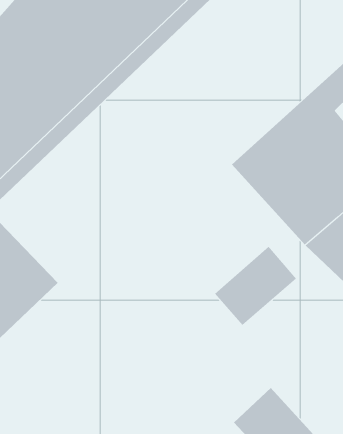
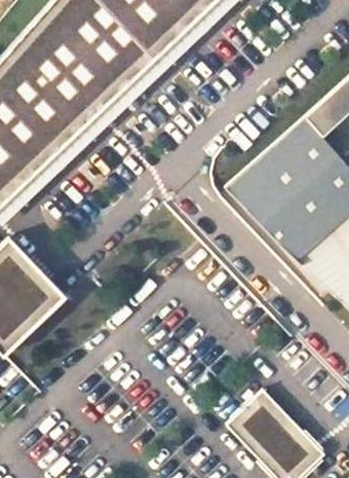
building: [214,246,297,326] -> none

